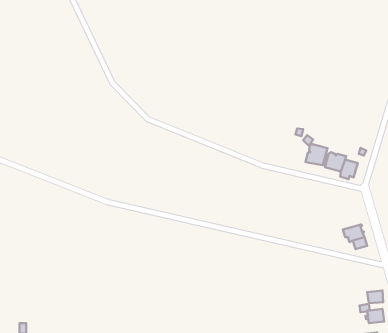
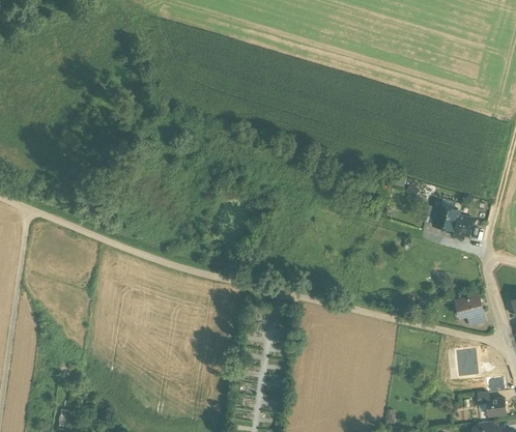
building: [306,144,327,165] -> none
building: none -> [456,348,478,376]

